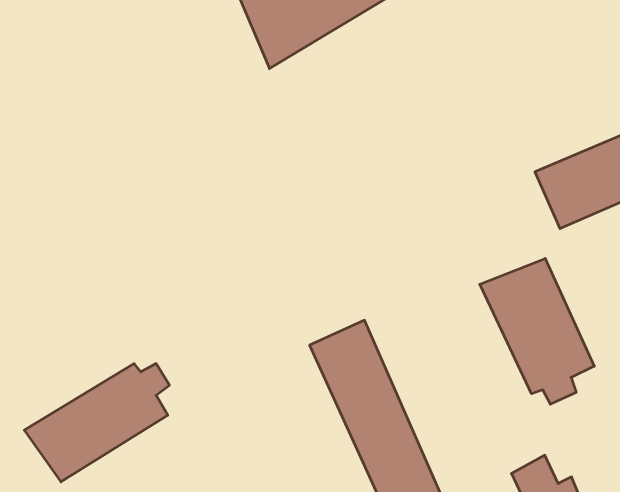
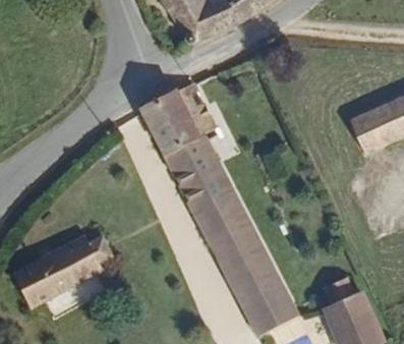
building: none -> [155,92,238,222]
building: [480,258,594,404] -> none

